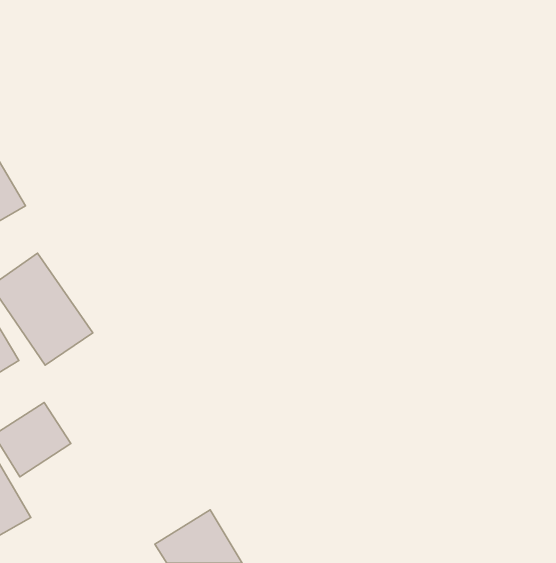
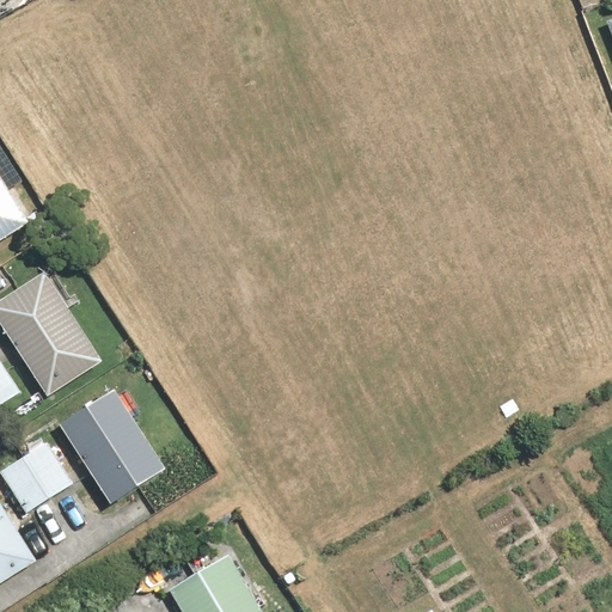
building: none -> [59,391,164,504]

